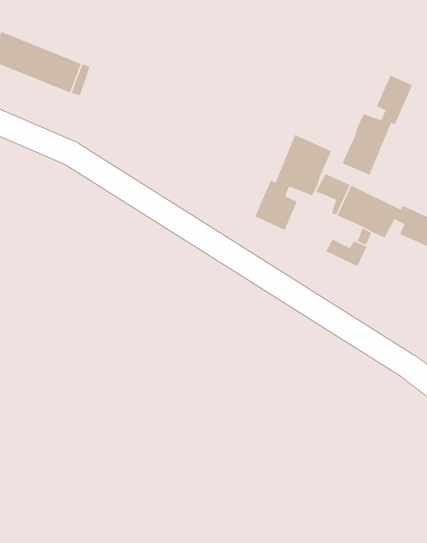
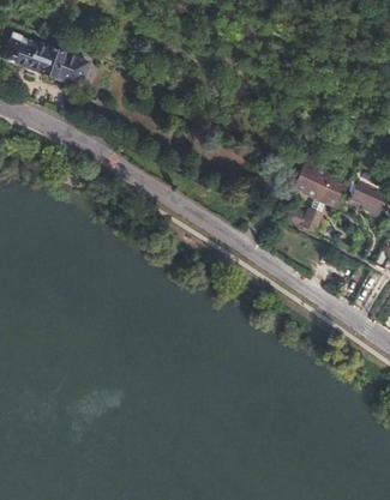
building: [342,74,413,176] -> none
building: [254,134,332,231] -> none

